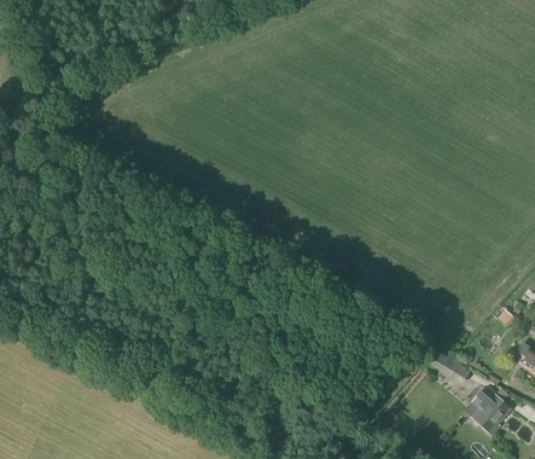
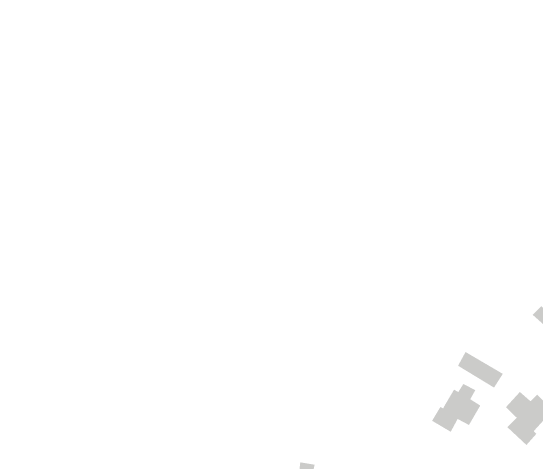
building: none -> [431,383,481,433]

